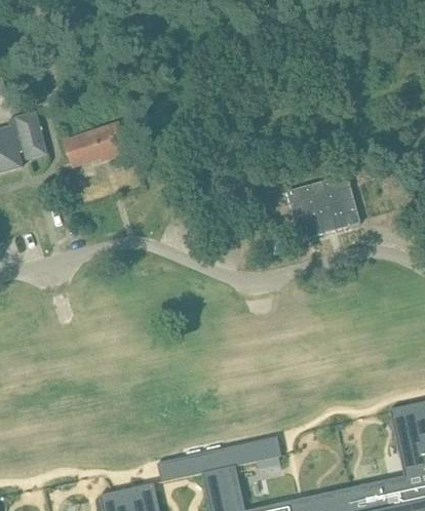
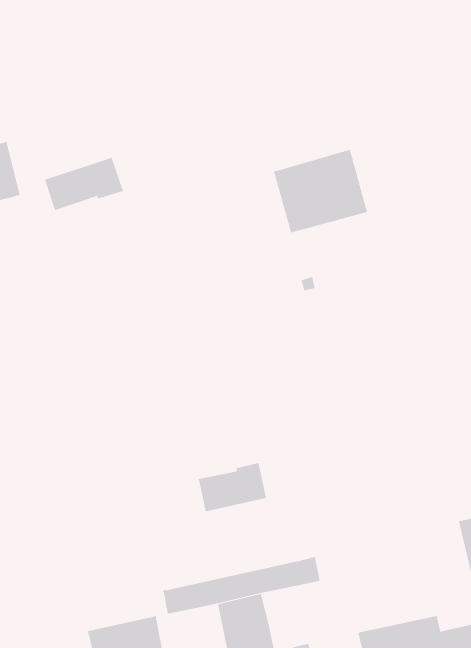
building: [285,174,359,240] -> [273,149,368,233]
building: none -> [198,462,266,512]

